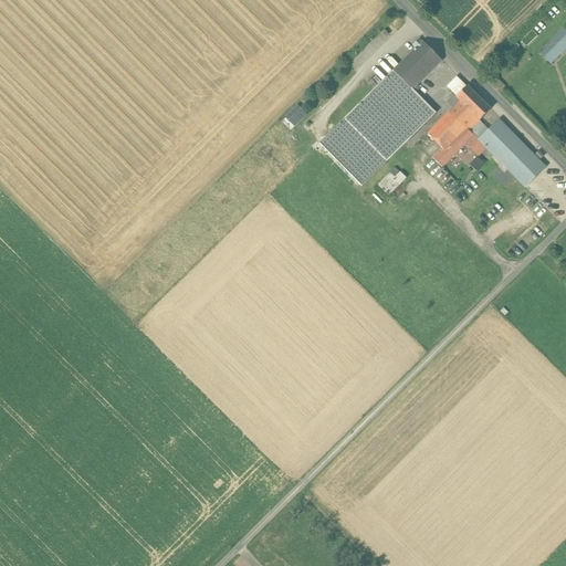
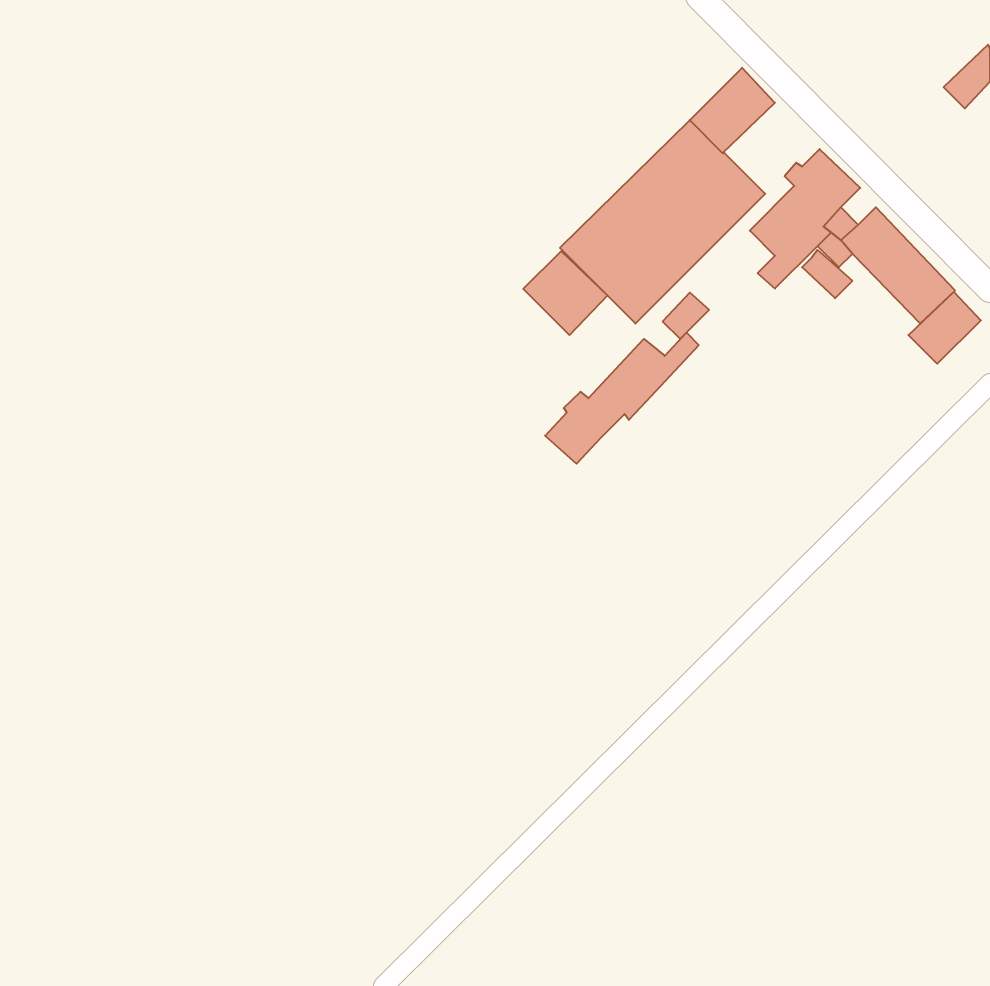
building: none -> [523,251,607,335]
building: none -> [908,292,981,364]
building: none -> [545,333,699,464]

